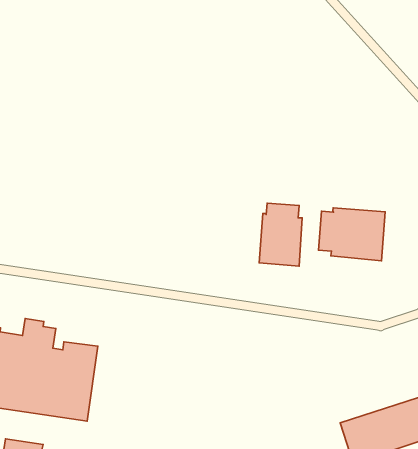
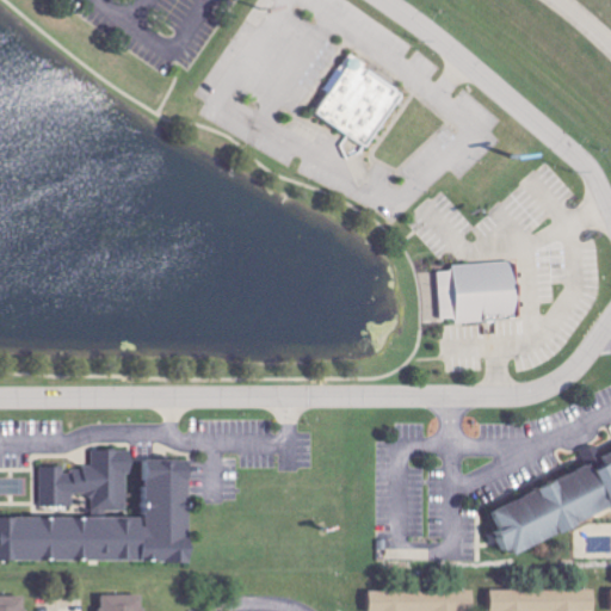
building: none -> [309,53,393,154]
building: [259,203,302,266] -> none

